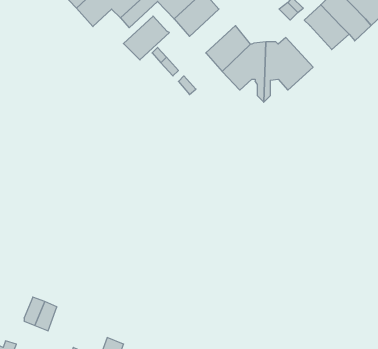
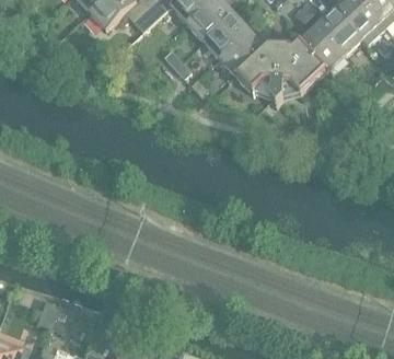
building: [123,16,169,60] -> [202,11,248,55]
building: none -> [299,22,345,69]

